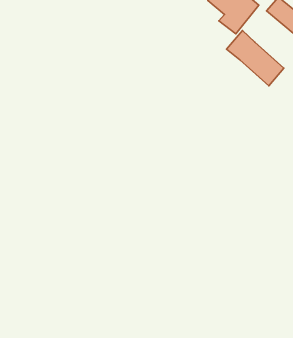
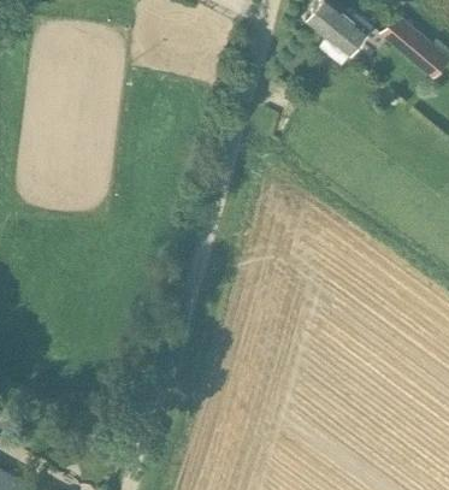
building: [227,30,284,86] -> none

